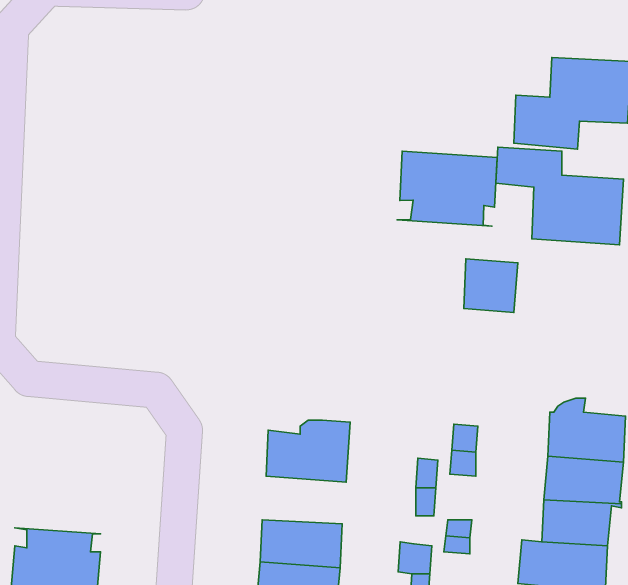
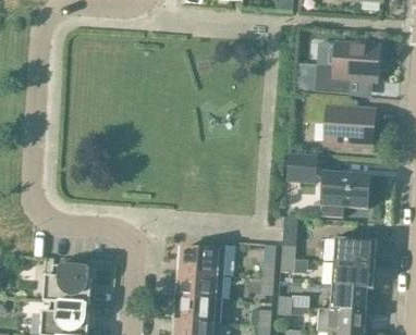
building: [397,151,497,226] -> none
building: none -> [321,172,370,216]
building: none -> [42,264,91,303]
building: none -> [178,272,223,298]

